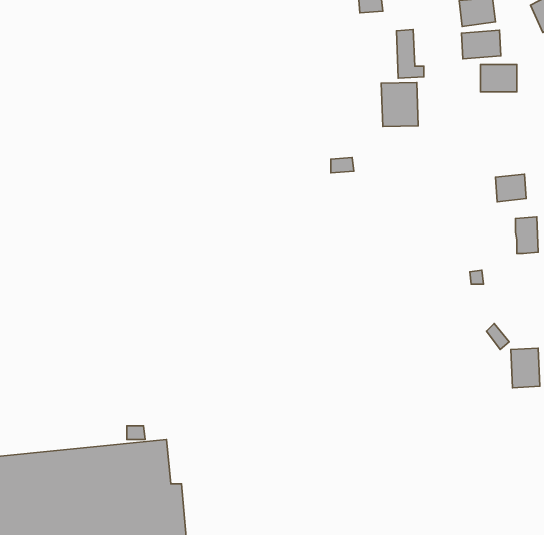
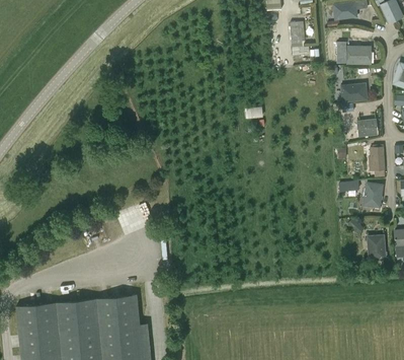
building: [461,30,501,59] -> [340,82,367,101]
building: [381,82,418,127] -> none
building: none -> [362,181,384,208]

